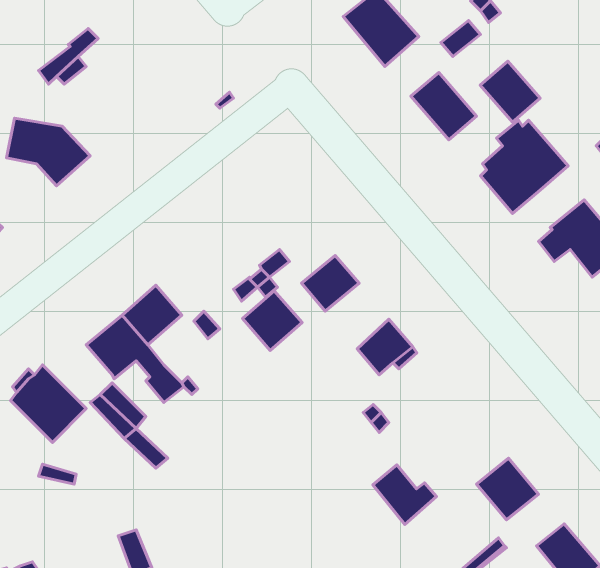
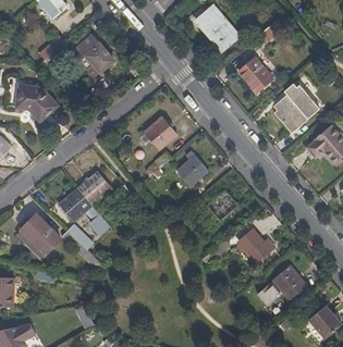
building: none -> [72,25,113,75]
building: [480,61,540,122] -> none
building: [242,291,302,350] -> [143,120,175,152]
building: [373,465,437,524] -> [237,233,272,265]

